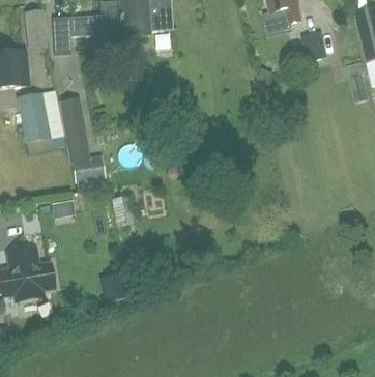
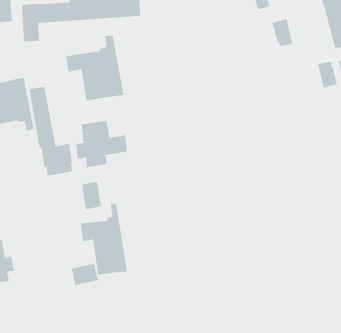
building: none -> [65,34,125,102]
building: none -> [75,120,128,168]
building: none -> [80,203,128,275]

